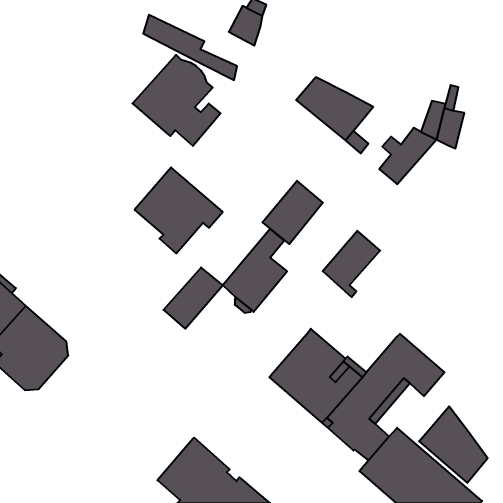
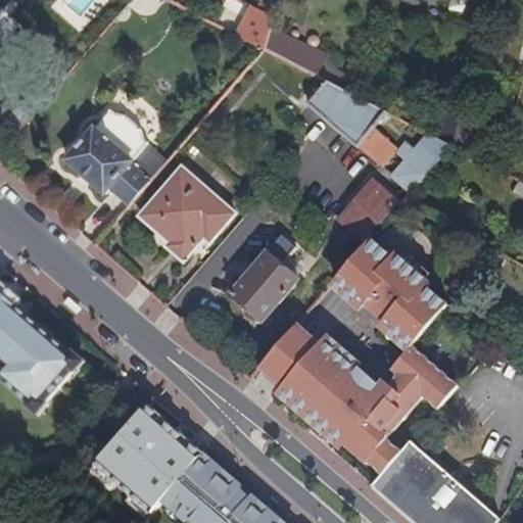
building: [143,15,237,80] -> [263,28,360,95]
building: [132,55,221,146] -> [64,109,155,203]
building: [262,181,323,244] -> [336,177,398,242]
building: none -> [361,253,447,347]
building: [163,267,223,329] -> [257,324,319,387]
building: none -> [94,402,199,510]
building: [419,406,488,483] -> none

